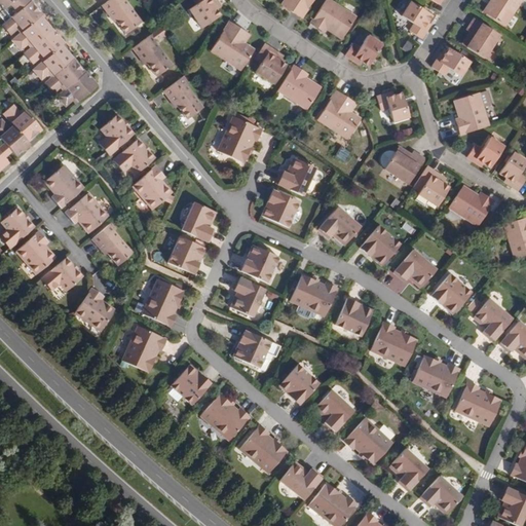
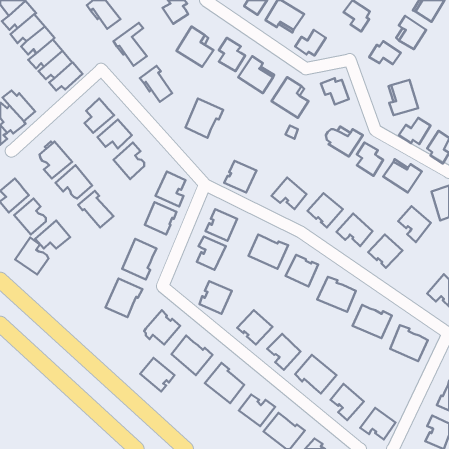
building: [276,156,315,194] -> none
building: [74,288,113,331] -> [15,237,49,274]
building: [468,297,506,339] -> [398,206,431,242]
building: none -> [140,358,175,391]

